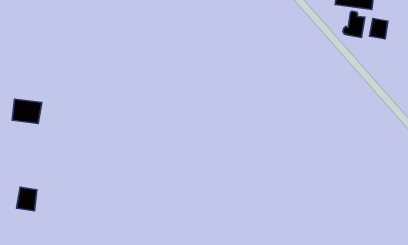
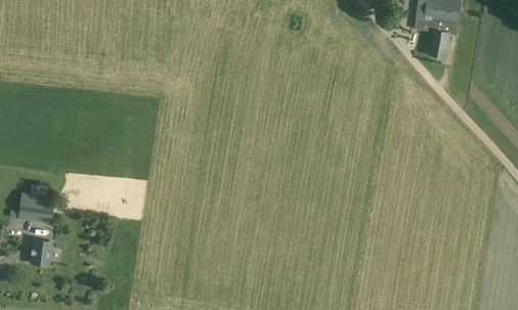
building: [369,19,388,39] -> none
building: [12,99,42,124] -> [18,192,54,222]

